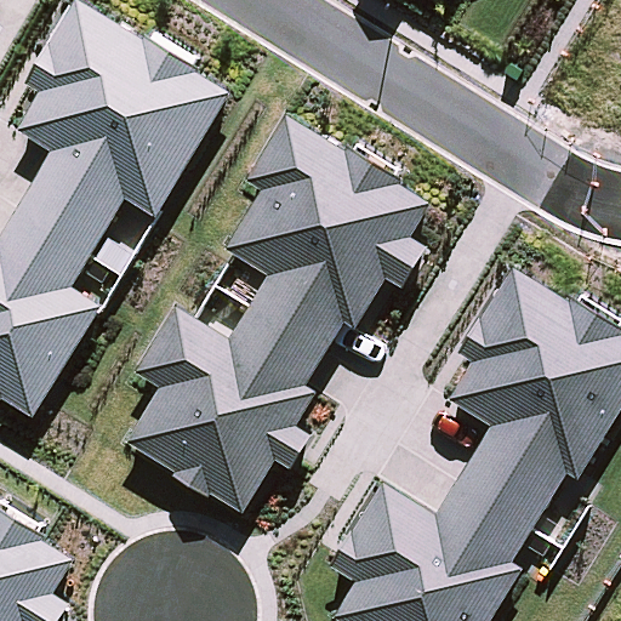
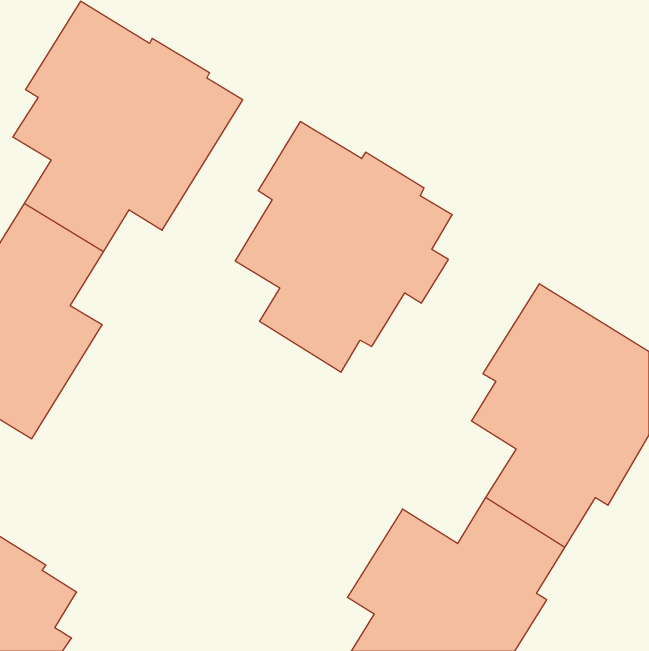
building: [124,304,324,511] -> none

